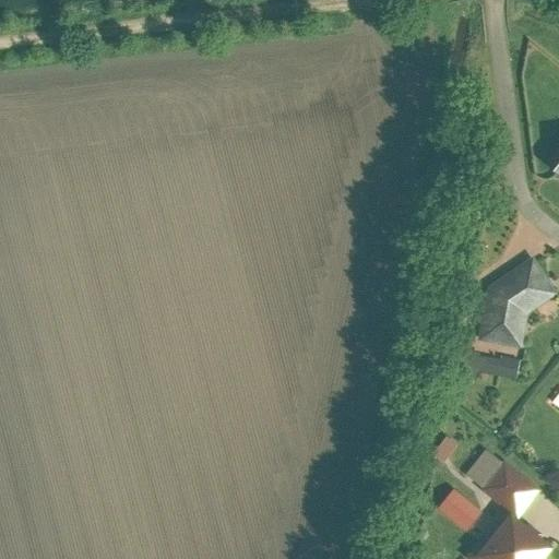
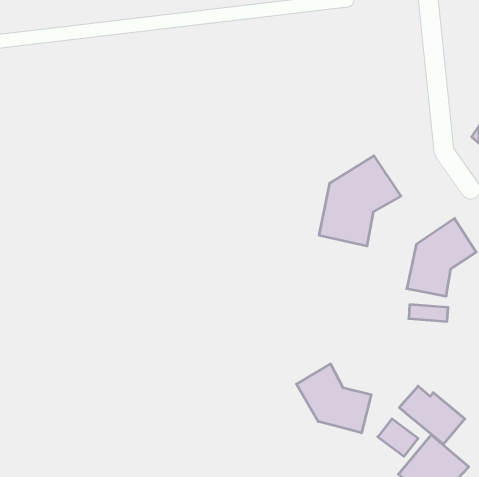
building: none -> [319,156,401,246]
building: none -> [296,364,371,433]

